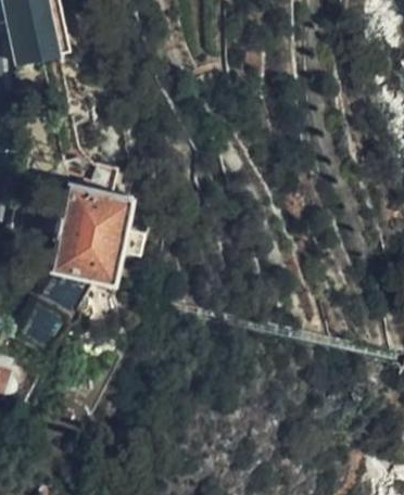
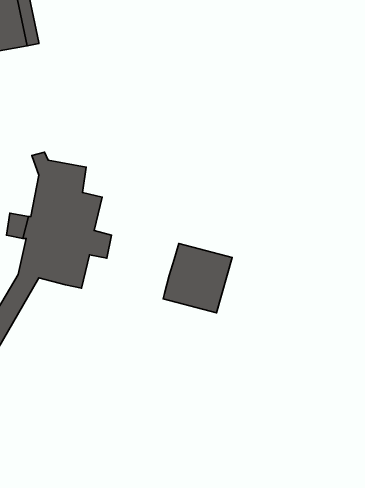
building: none -> [163,243,232,313]

